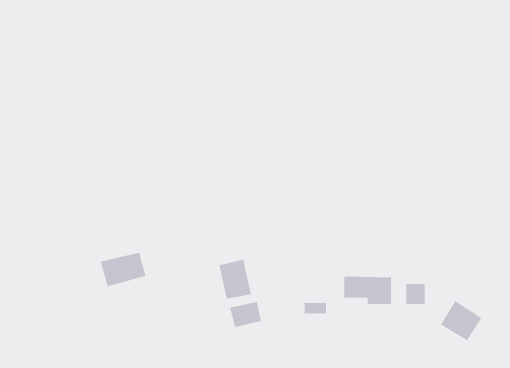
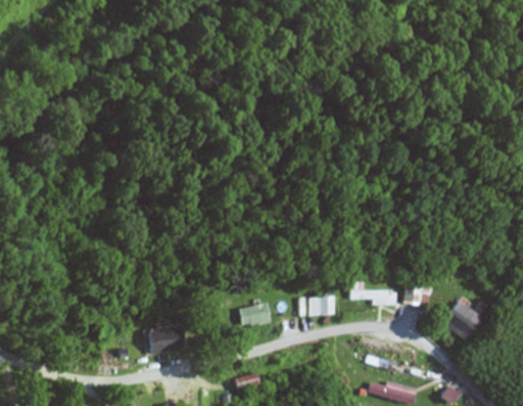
building: [100,252,146,287] -> [142,322,187,356]
building: [219,259,252,300] -> none

